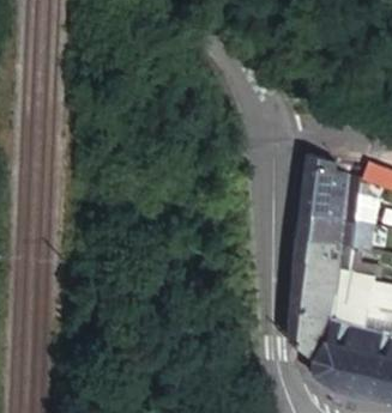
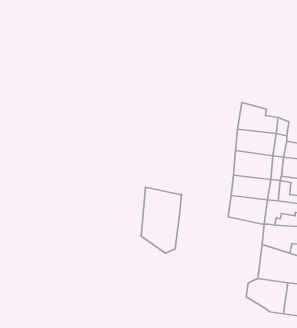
building: [287,281,332,356] -> [141,187,182,253]

